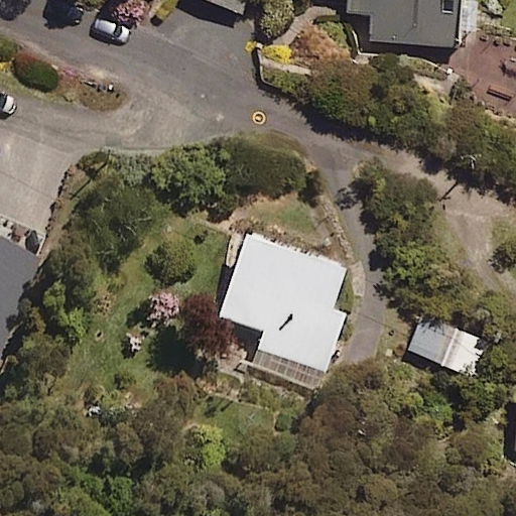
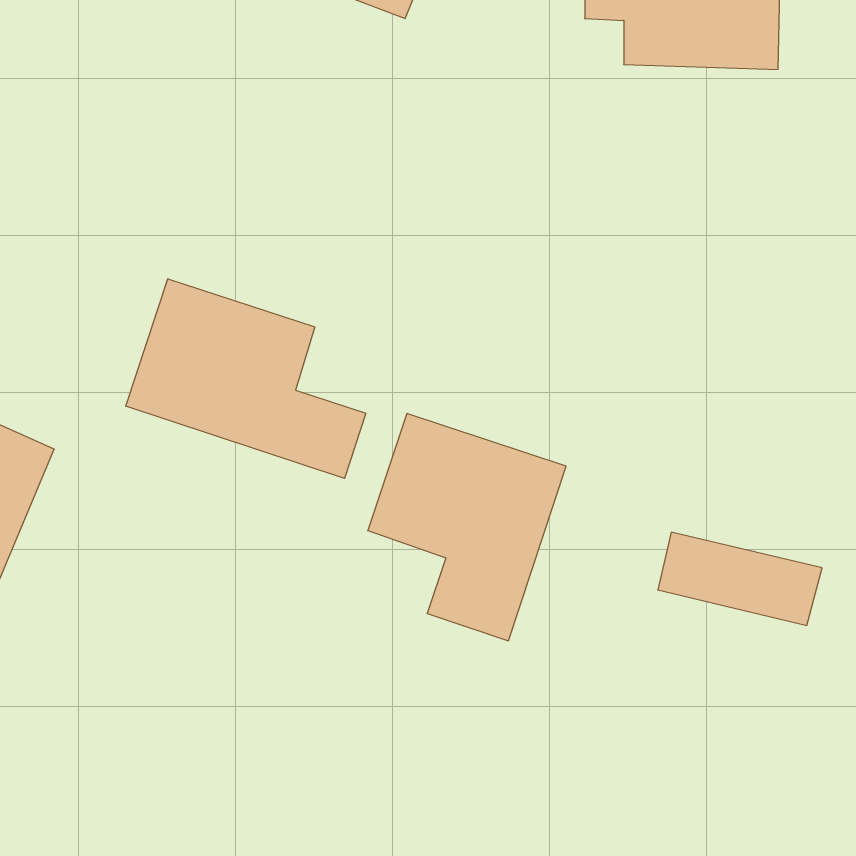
building: none -> [126,279,366,478]

